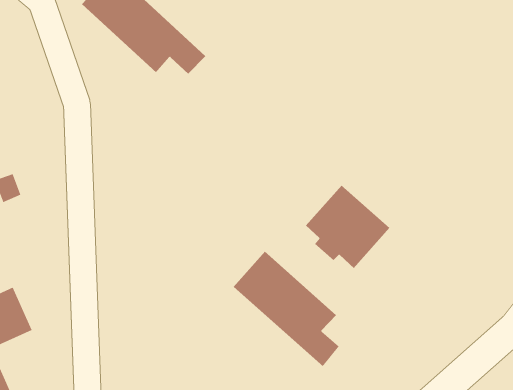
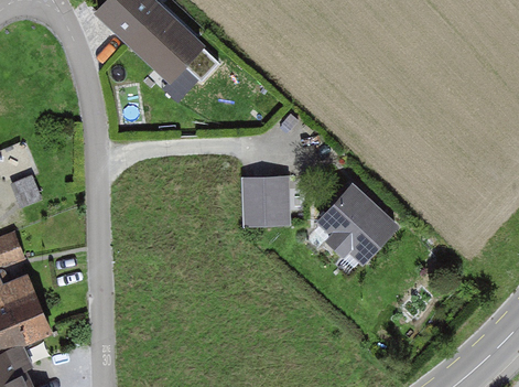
building: none -> [240,174,290,228]
building: [233,251,340,367] -> none

